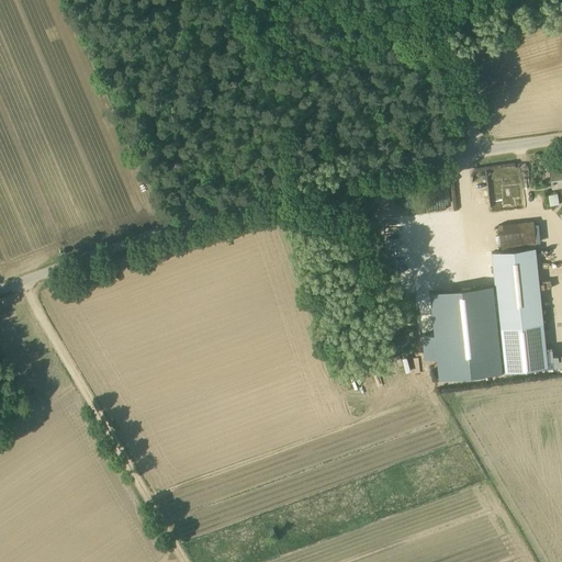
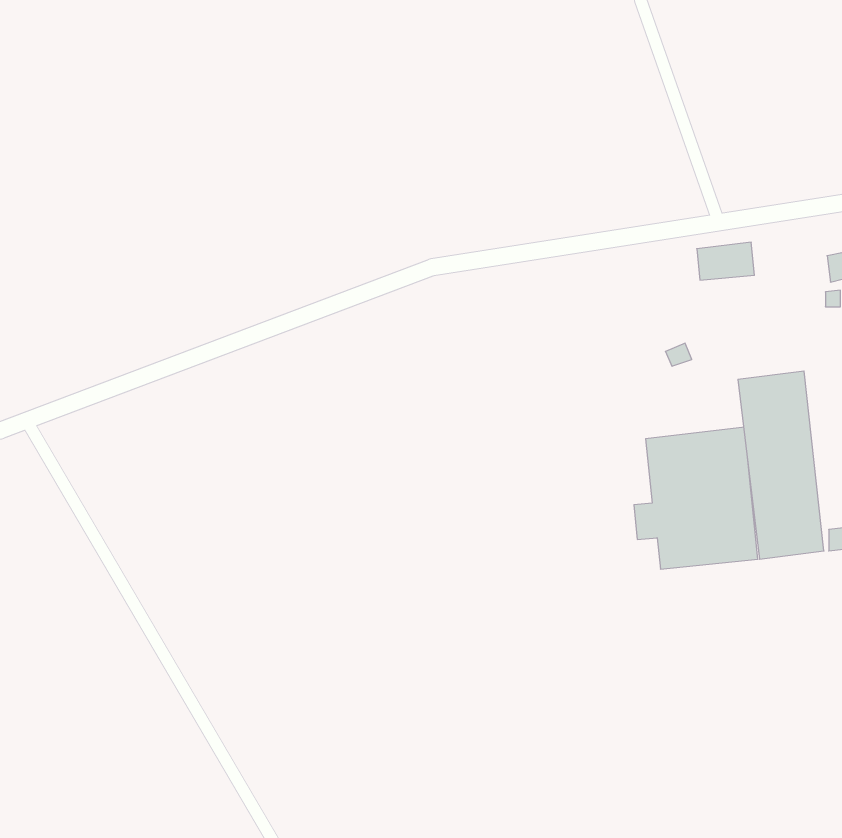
building: [498,223,537,248] -> [697,242,754,280]

